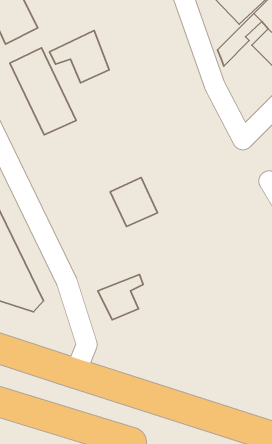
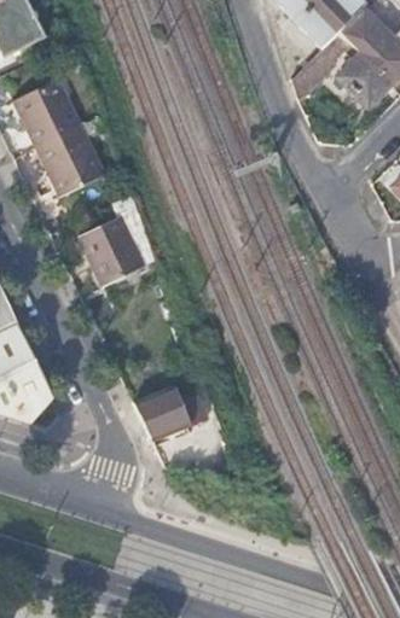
building: [49,31,109,83] -> none
building: [110,177,157,226] -> [79,217,141,282]

